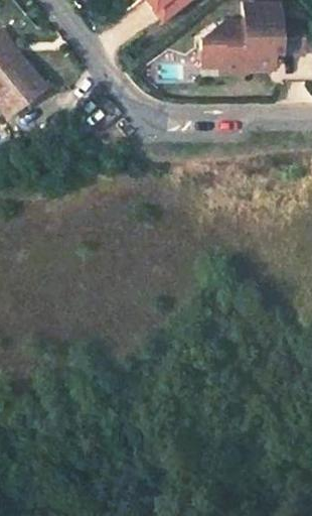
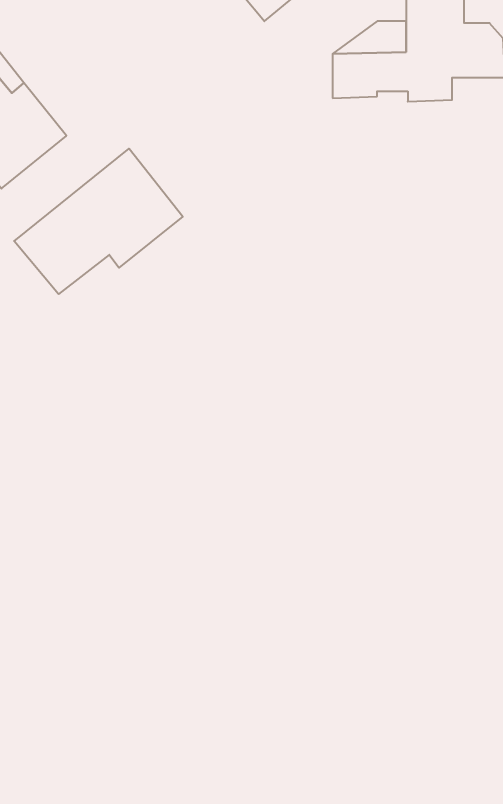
building: none -> [14,149,183,294]

